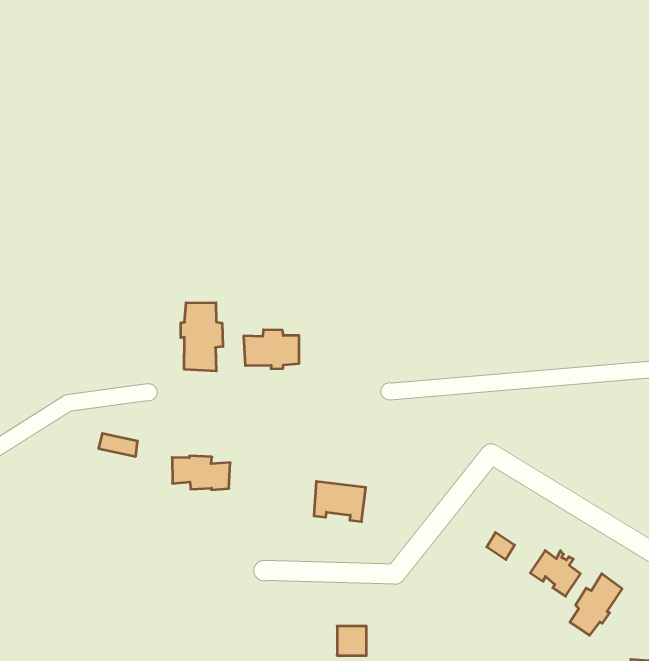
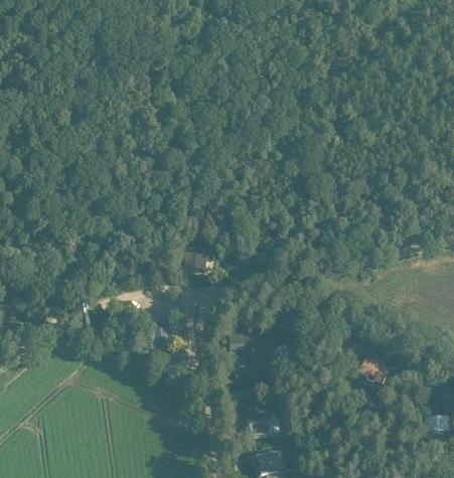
building: [181,303,223,371] -> none
building: [570,574,622,635] -> none

